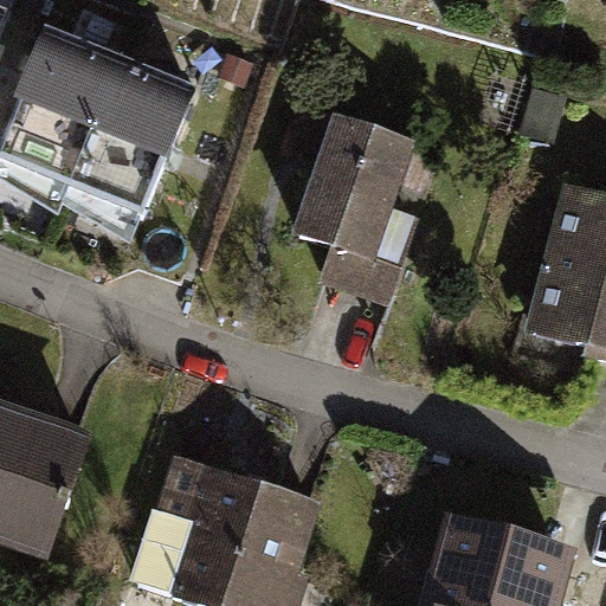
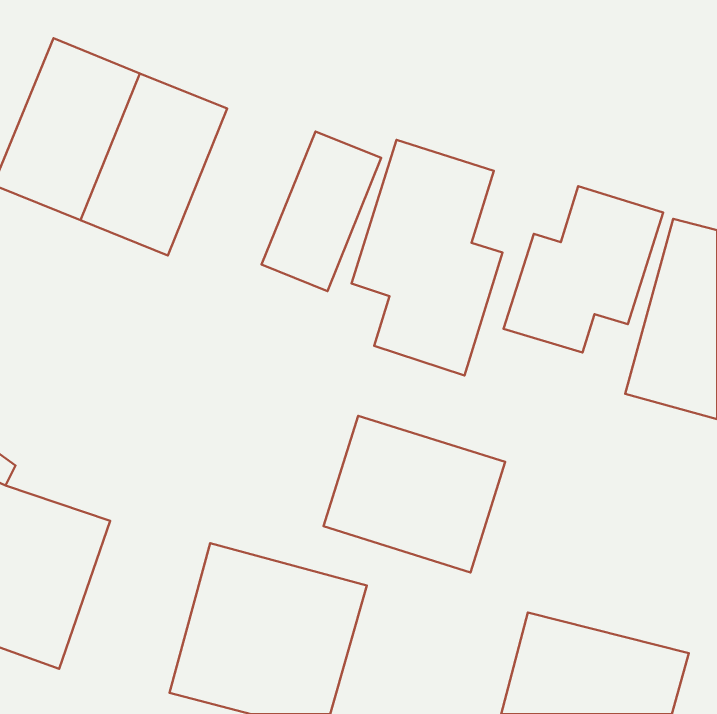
building: none -> [262,131,381,291]
building: none -> [503,186,663,353]
building: none -> [323,416,505,572]

